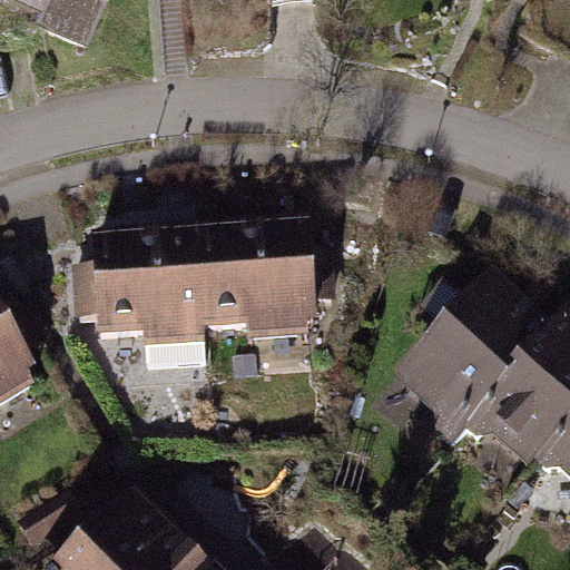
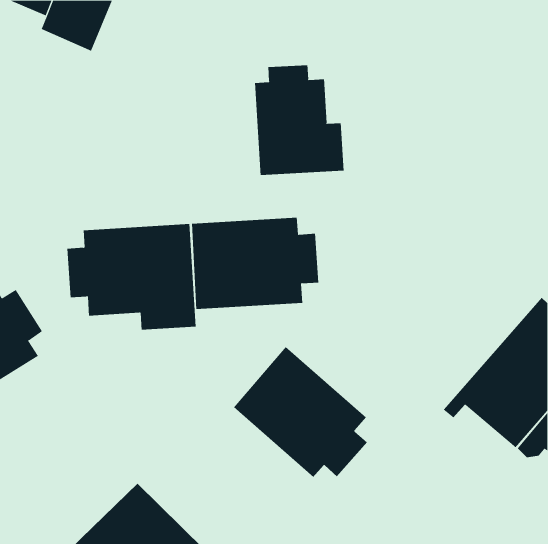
building: none -> [255,64,344,176]
building: [394,274,547,445] -> none
building: none -> [233,346,368,478]

